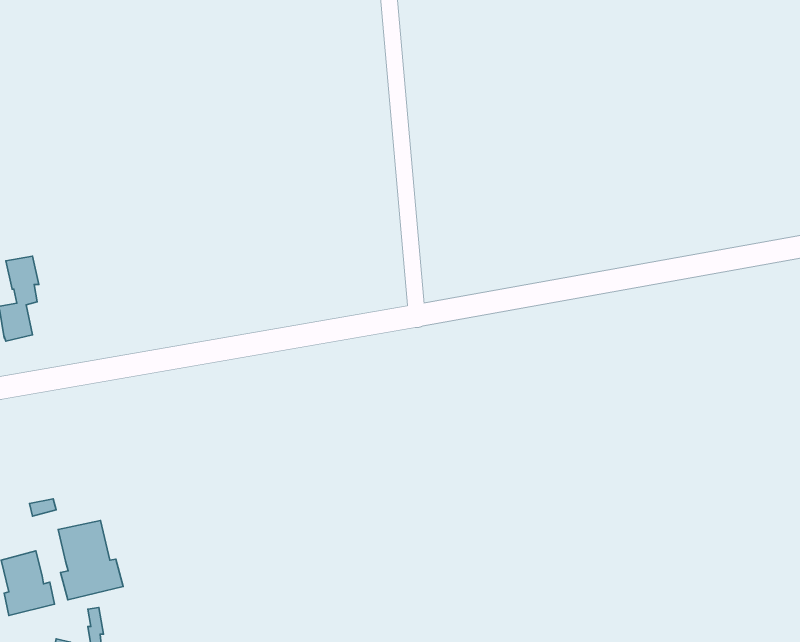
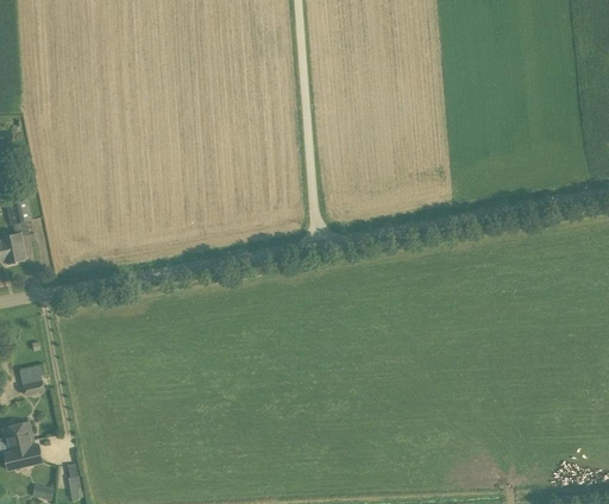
building: [58,521,123,600] -> none

